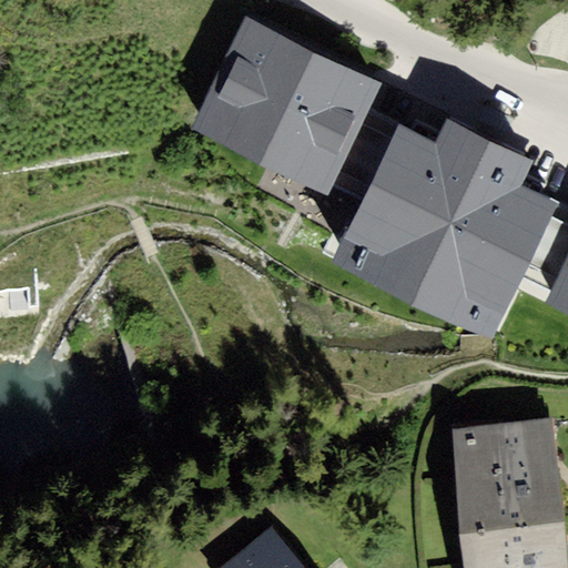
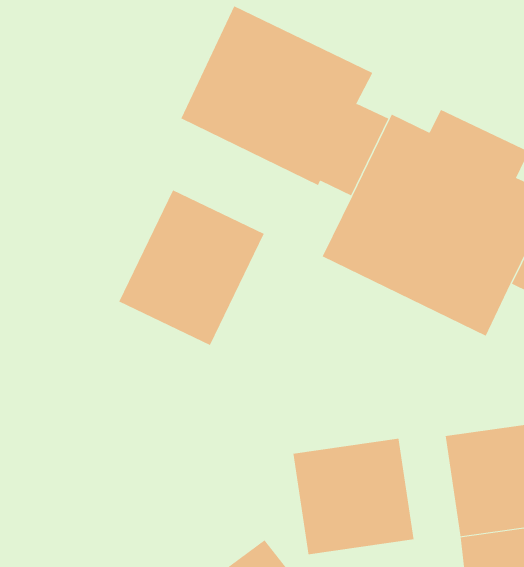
building: none -> [118,189,265,346]
building: none -> [293,438,414,555]

